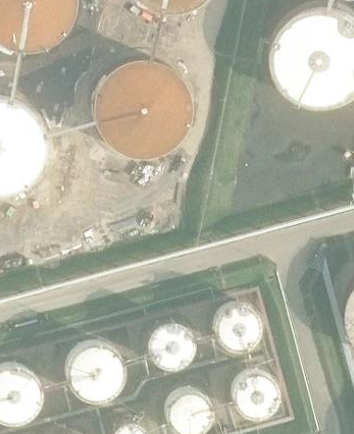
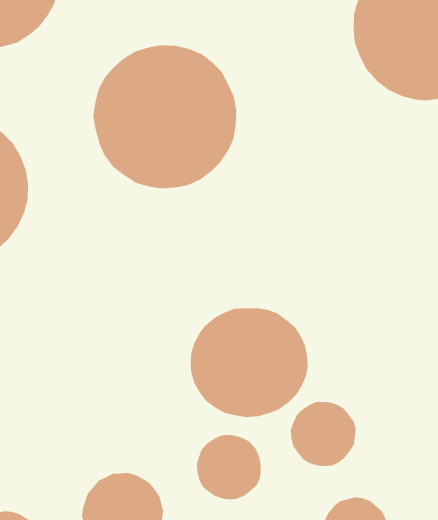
building: none -> [190,307,308,418]

